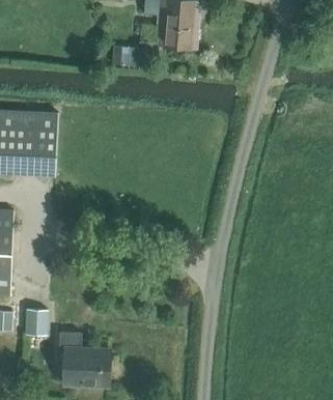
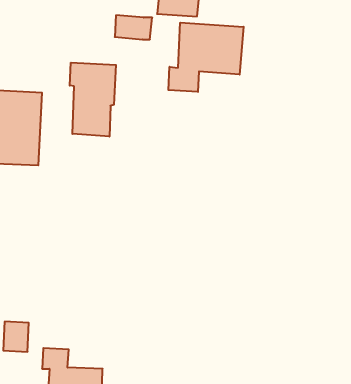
building: none -> [168,23,244,92]
building: none -> [70,63,116,137]

